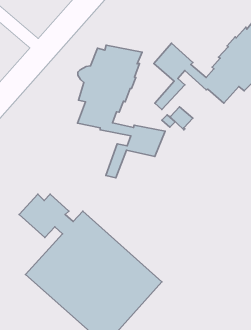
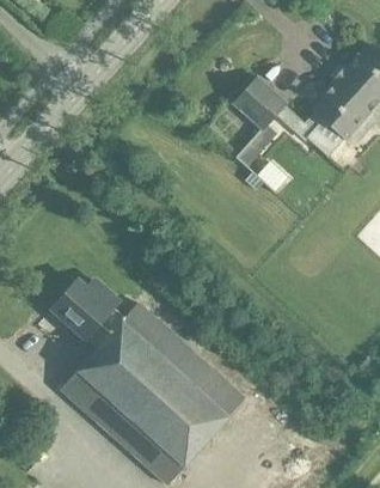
building: [78,45,165,178] -> none

